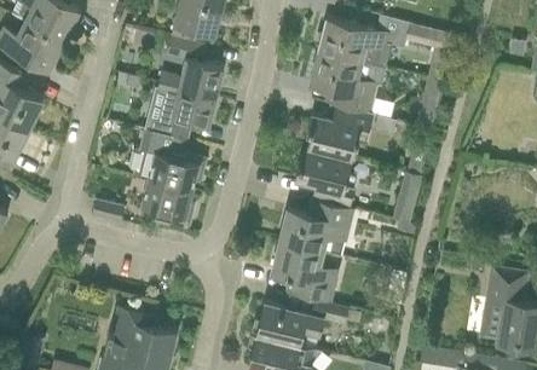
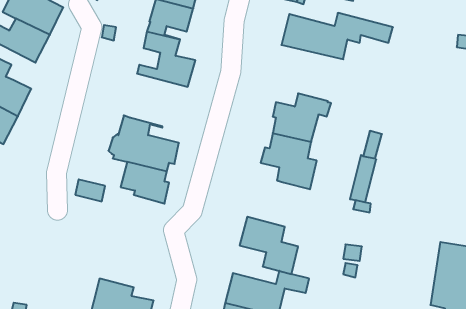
building: [310,52,385,114] -> none
building: [138,79,214,141] -> none
building: [279,203,352,256] -> none

